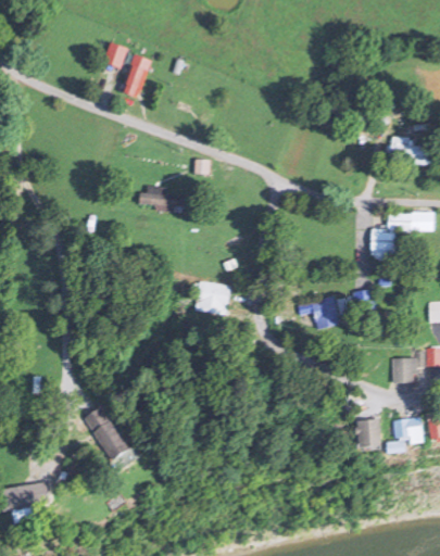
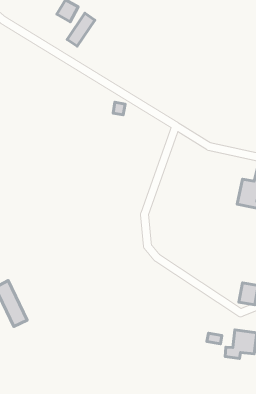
building: [139,188,187,206] -> none
building: [193,278,229,314] -> none
building: [309,294,341,329] -> none

